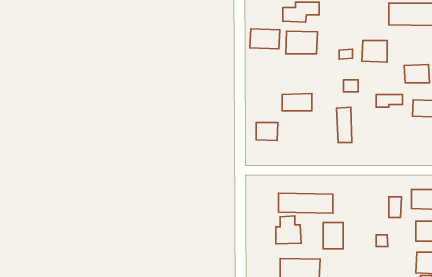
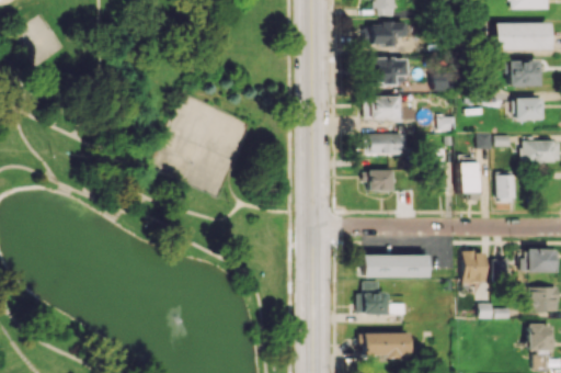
building: [250,29,280,49] -> [365,95,401,120]
building: [362,40,387,62] -> [508,60,539,87]
building: none -> [459,162,479,200]
building: [256,122,278,141] -> [369,170,396,192]
building: none -> [497,174,516,201]
building: [323,223,343,249] -> [462,251,486,283]

